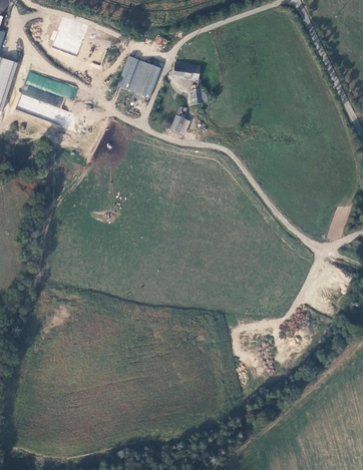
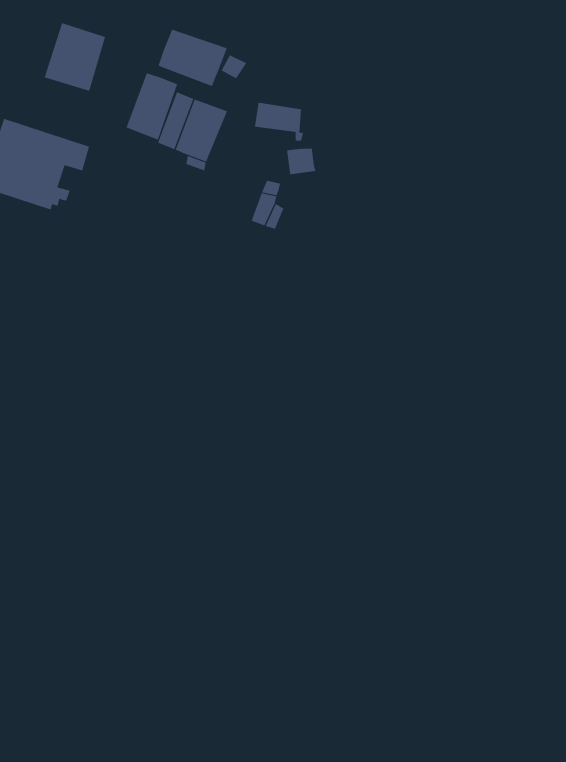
building: none -> [158,29,227,87]
building: none -> [126,72,178,140]

